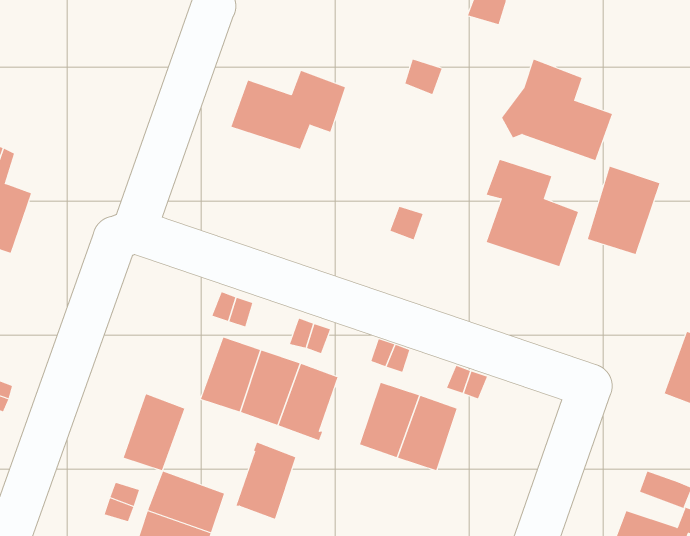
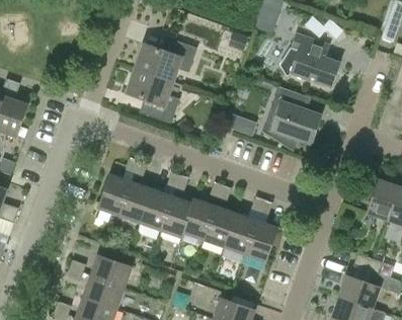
building: none -> [127,70,179,124]
building: [587,166,660,255] -> none
building: [123,393,185,471] -> [97,174,131,216]
building: none -> [245,221,277,262]
building: [236,442,296,519] -> [182,198,215,240]

